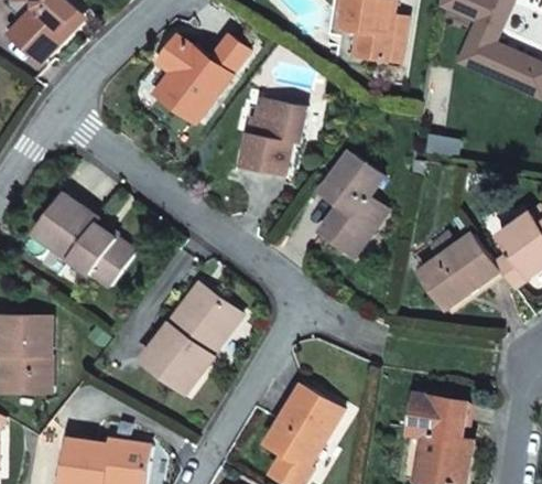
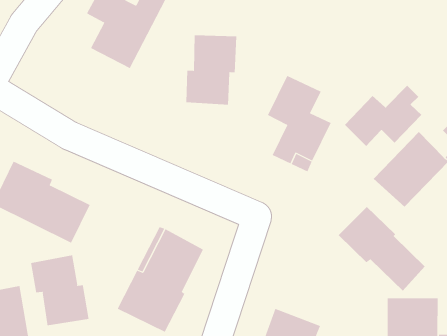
building: none -> [344,85,422,147]
building: none -> [31,255,89,326]
building: none -> [338,206,426,291]

